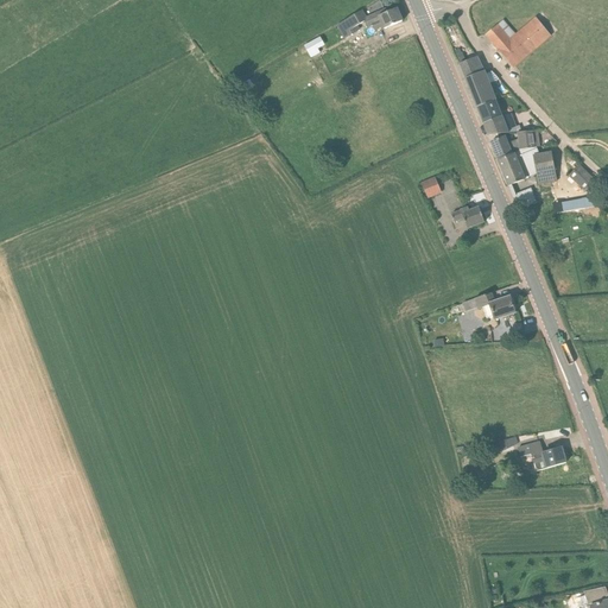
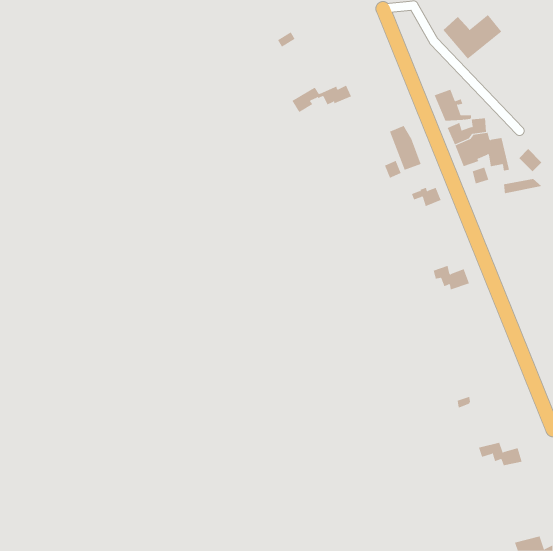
building: [336,6,403,37] -> [291,85,352,113]
building: [460,55,495,104] -> [389,125,422,171]
building: [517,441,565,467] -> [478,442,523,466]

